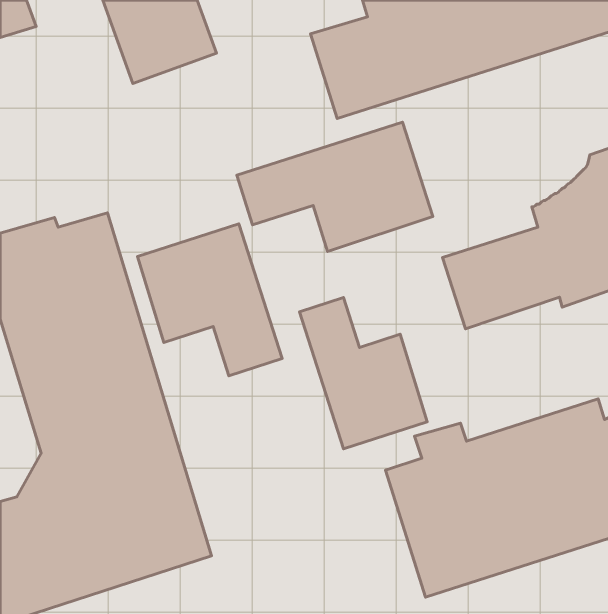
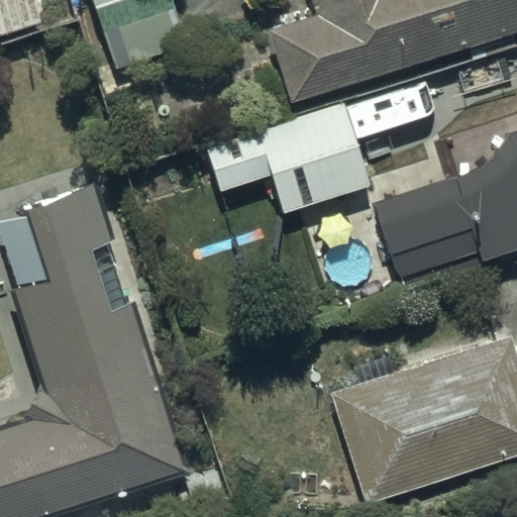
building: [137,224,282,376] -> none
building: [300,298,427,449] -> none

